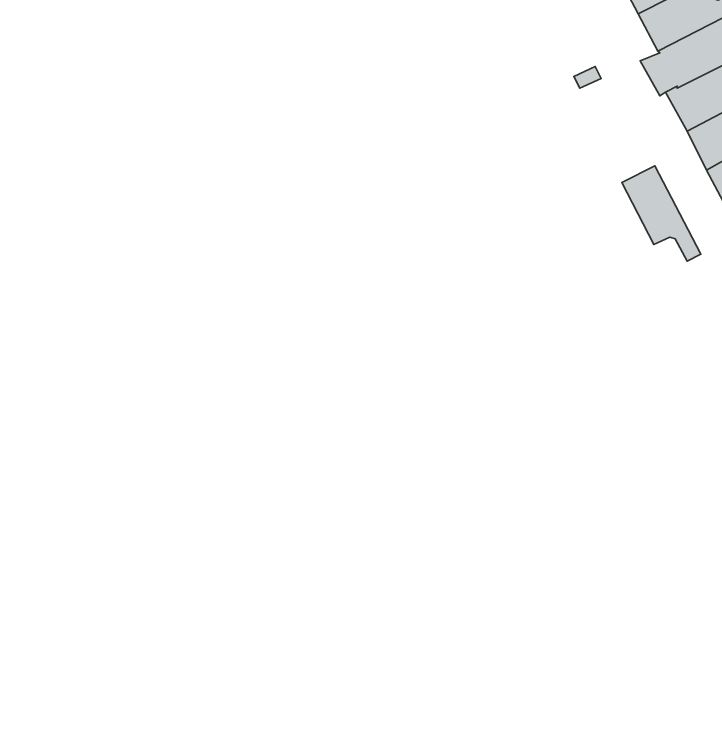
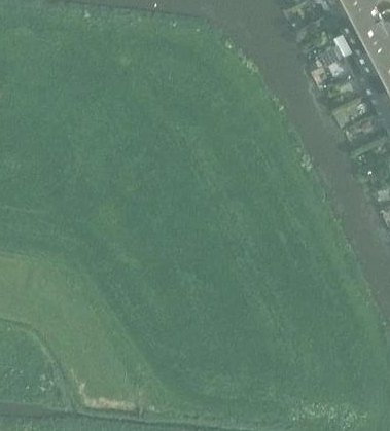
building: [622,166,701,261] -> none

